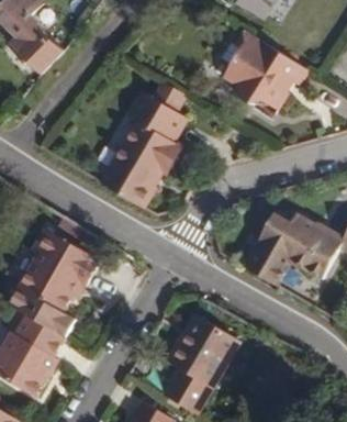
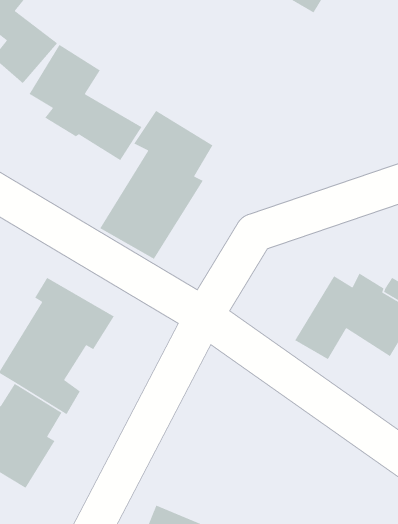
building: [213,29,300,106] -> none
building: none -> [29,44,142,161]
building: [161,313,238,412] -> none

